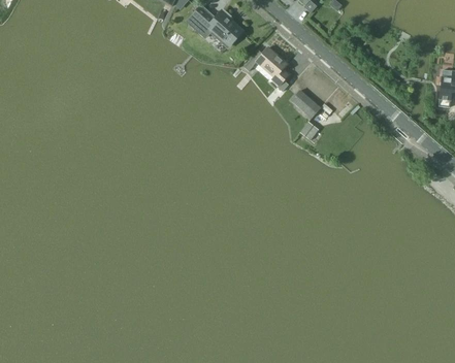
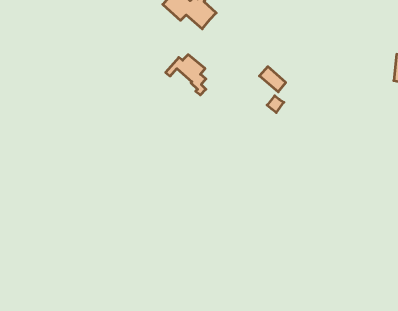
building: [245,46,289,91] -> [166,55,206,95]

